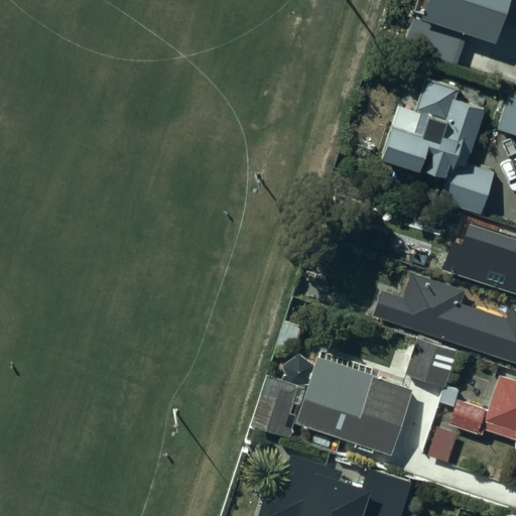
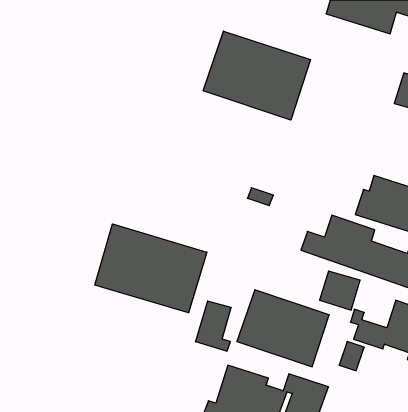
building: none -> [203,31,310,120]
building: [372,79,493,213] -> none
building: none -> [95,224,207,313]

